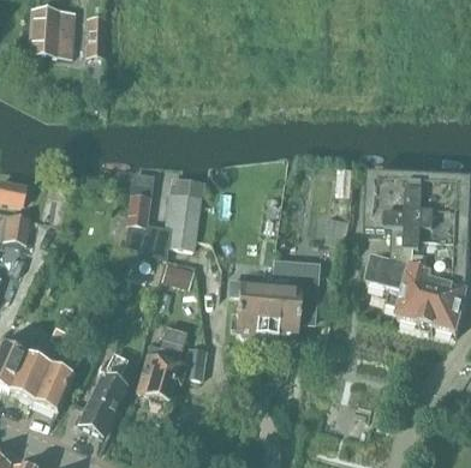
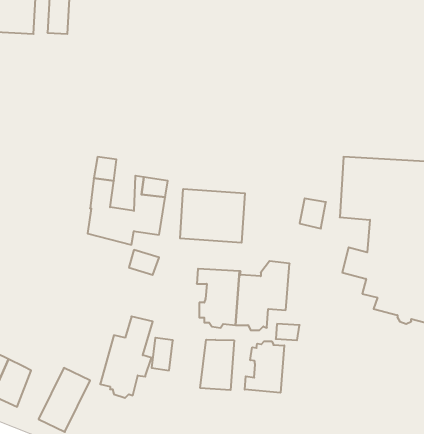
building: none -> [180,189,245,243]
building: none -> [200,340,234,390]
building: none -> [245,341,284,393]

